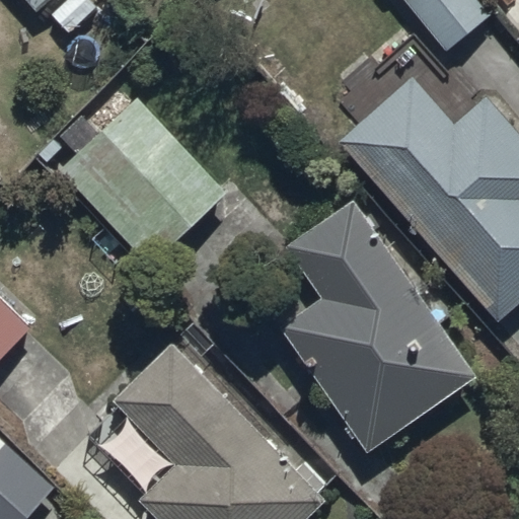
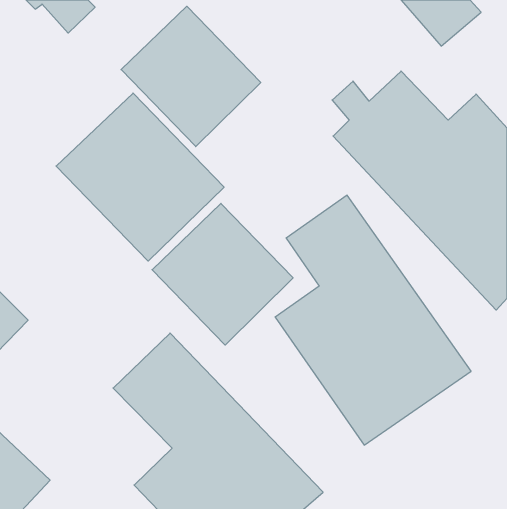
building: none -> [121,6,261,147]
building: none -> [152,203,293,345]

